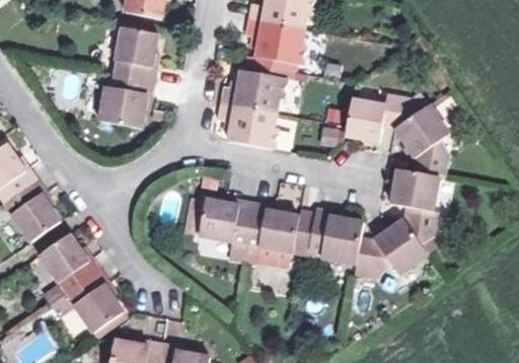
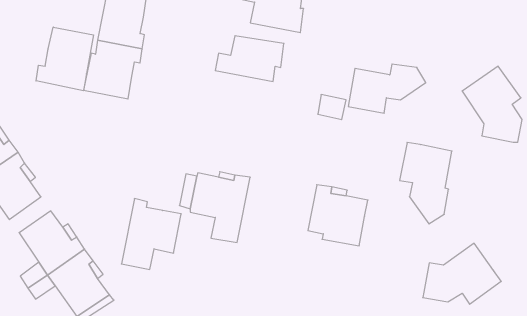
building: none -> [36,27,93,91]
building: [217,101,276,148] -> none
building: [393,105,449,176] -> [462,66,522,142]
building: [241,201,297,267] -> [121,199,181,269]
building: [354,219,427,276] -> [423,243,501,304]

